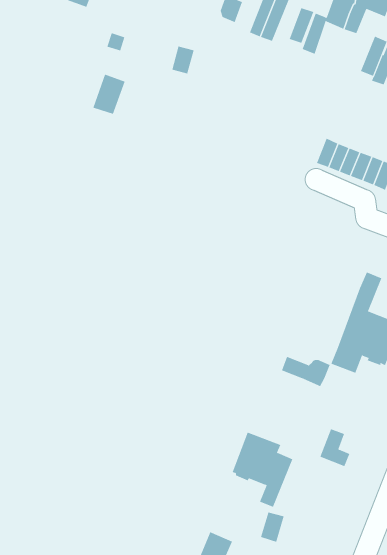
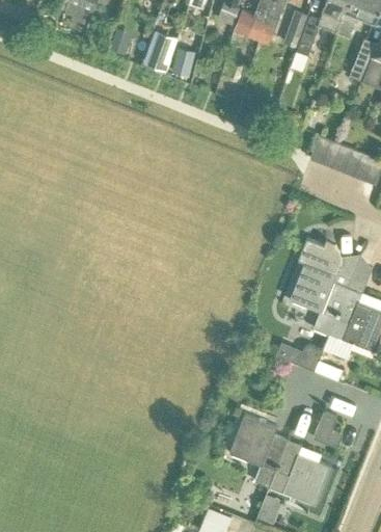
building: [93,74,125,114] -> [144,31,175,70]
building: none -> [289,237,350,334]
building: none -> [269,440,330,504]

